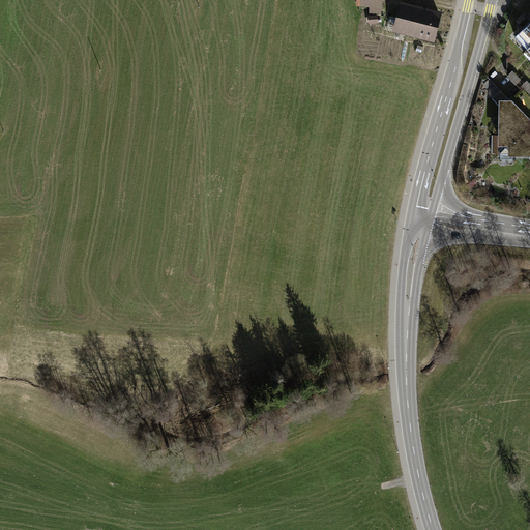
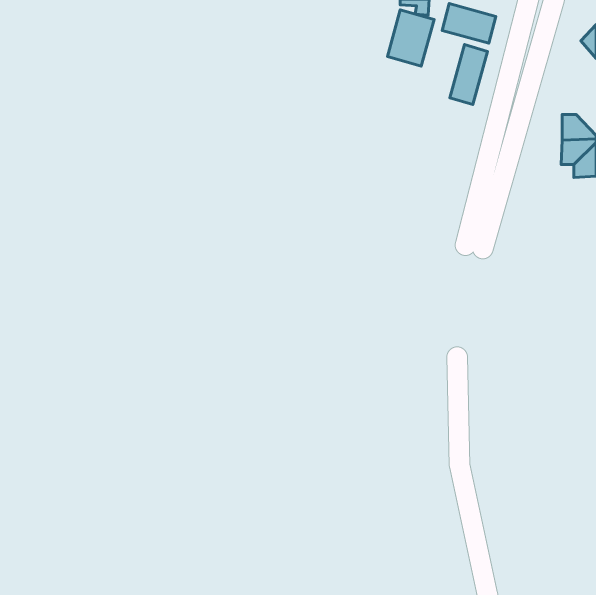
building: none -> [387,10,434,66]
building: none -> [450,45,487,105]

